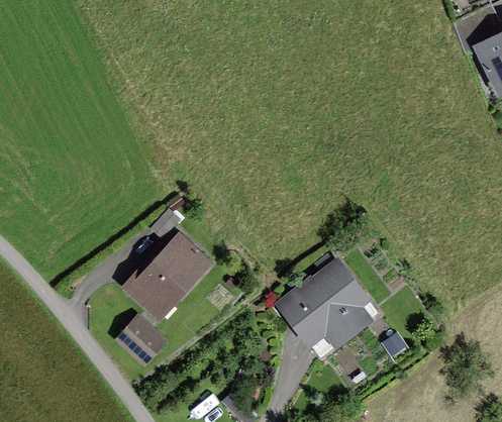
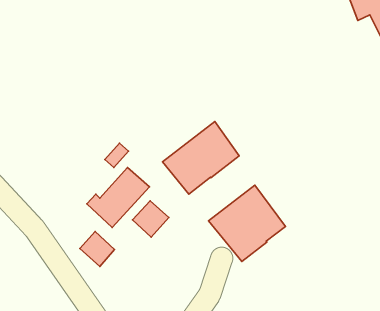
building: none -> [163,121,239,194]
building: none -> [133,201,169,237]

